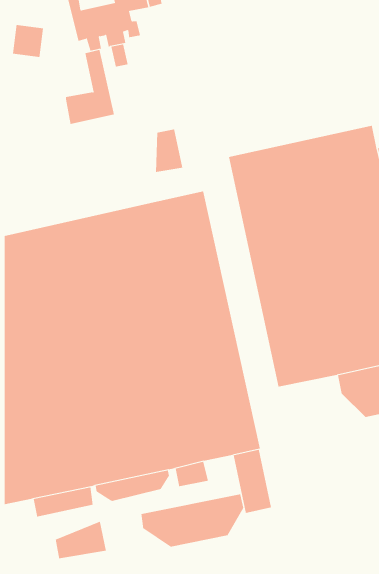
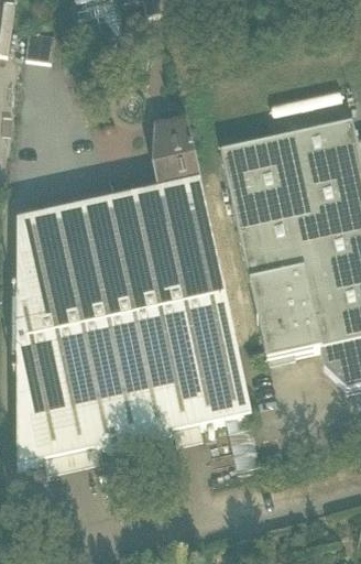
building: [65,49,115,125] -> [154,117,199,185]
building: [141,493,244,547] -> none
building: [55,521,106,559] -> none

